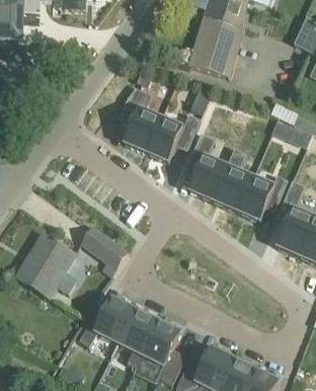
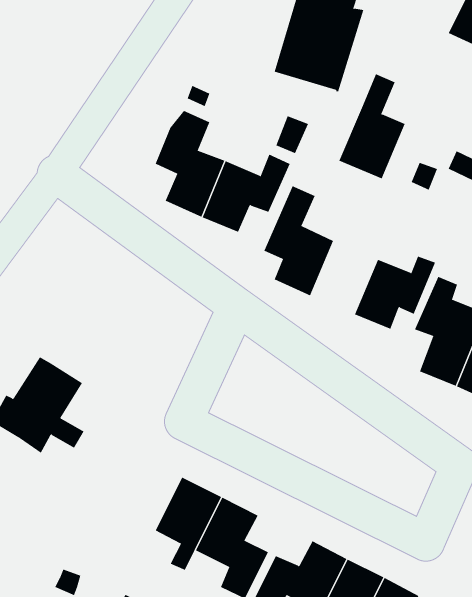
building: [212,149,252,213] -> [339,74,406,179]
building: [81,227,129,278] -> none
building: [79,300,134,347] -> none

